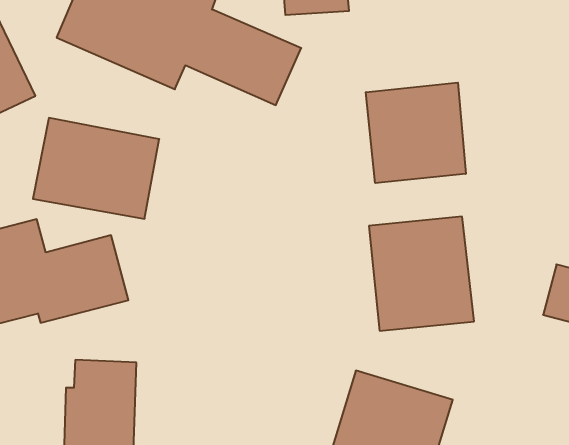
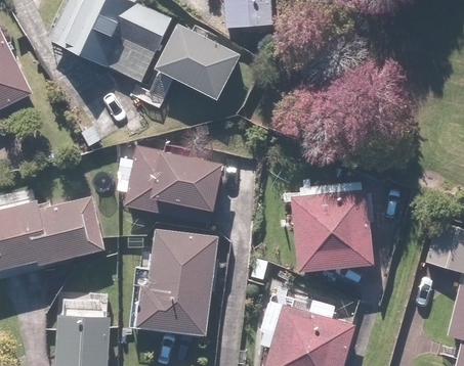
building: [366,83,466,183] -> none
building: [33,118,159,219] -> [125,143,222,221]
building: none -> [128,230,217,336]

